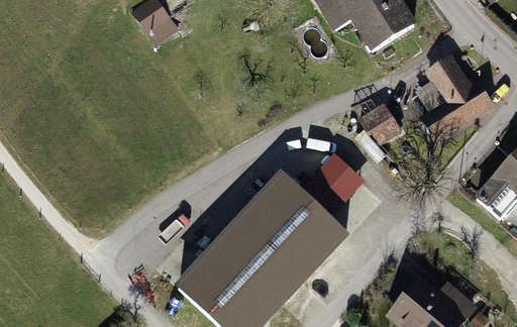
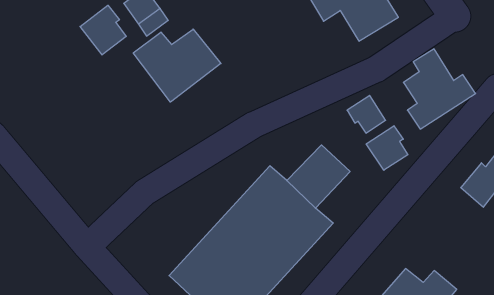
building: none -> [80,5,126,55]
building: none -> [133,29,221,102]
building: none -> [366,126,408,170]

